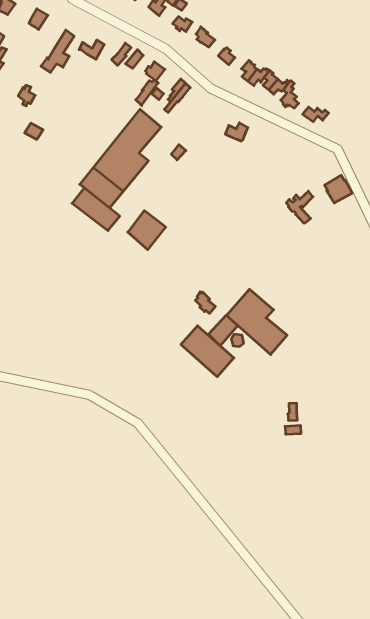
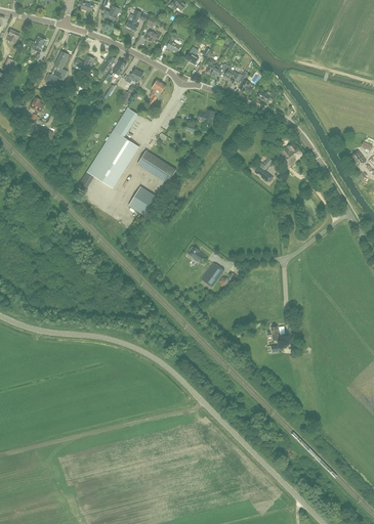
building: [72,188,120,231] -> [136,150,175,182]
building: [226,289,287,355] -> none
building: [181,326,234,377] -> none

